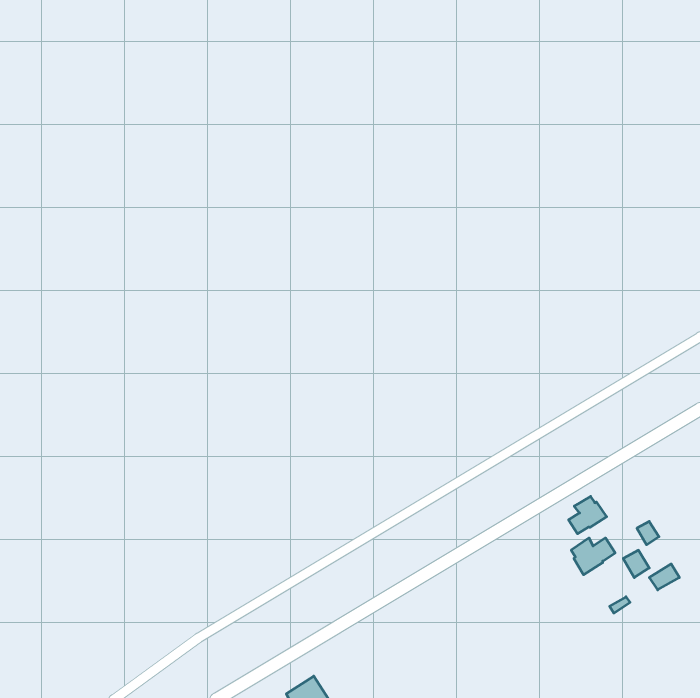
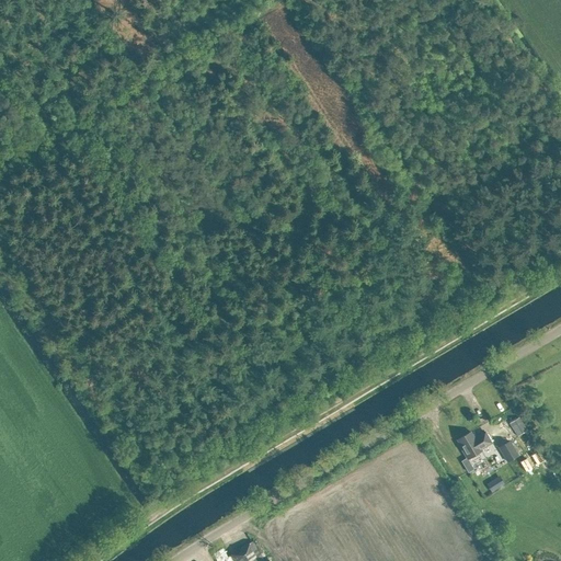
building: [569,496,607,534] -> none

